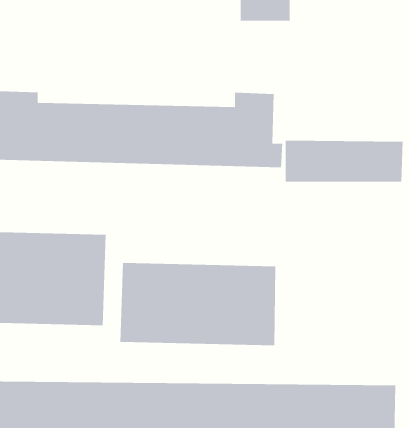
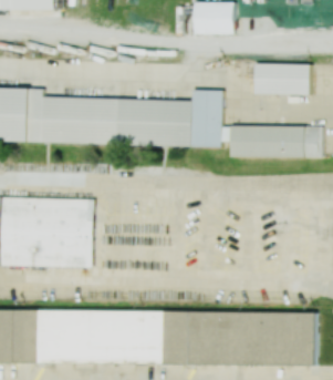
building: none -> [253,62,309,94]
building: [120,262,276,346] -> none

